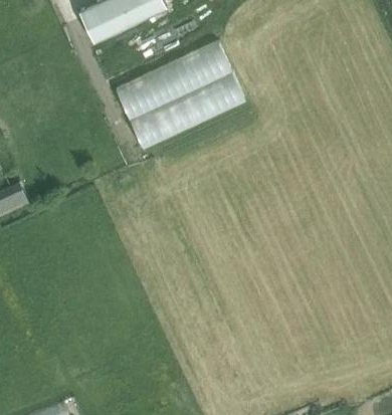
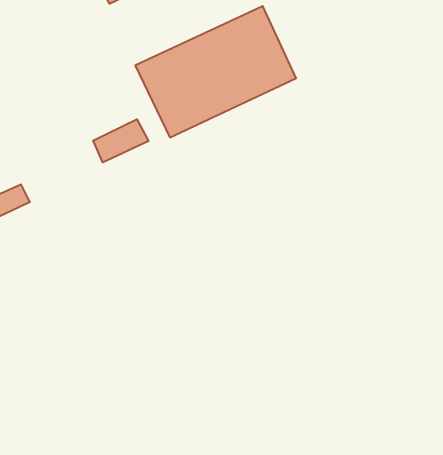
building: none -> [93,119,149,162]

